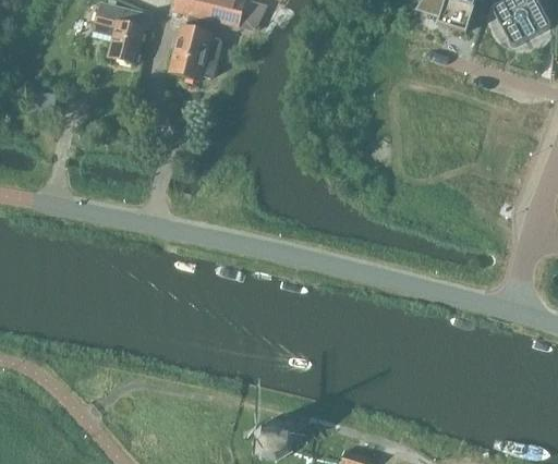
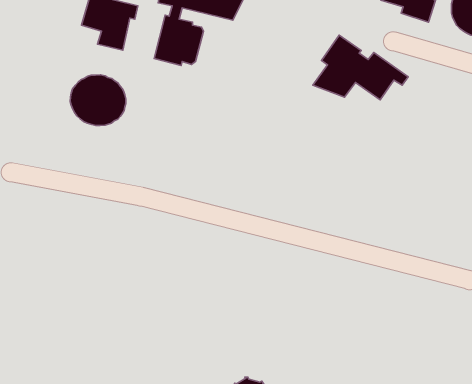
building: none -> [313,35,408,100]
building: none -> [70,75,126,126]

